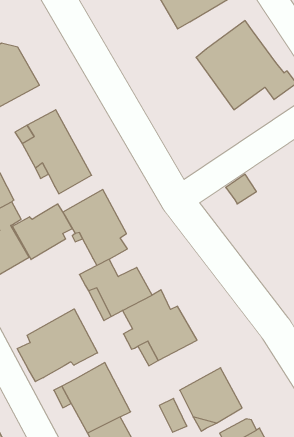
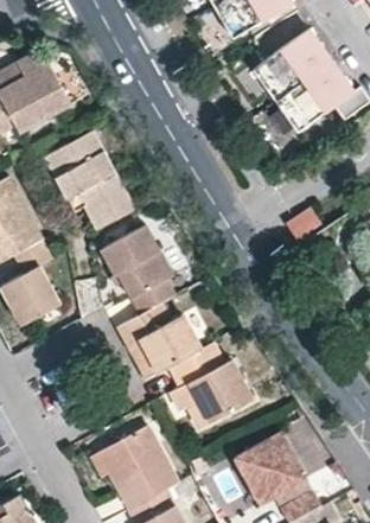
building: [12,204,72,260] -> none
building: [17,309,98,382] -> none

